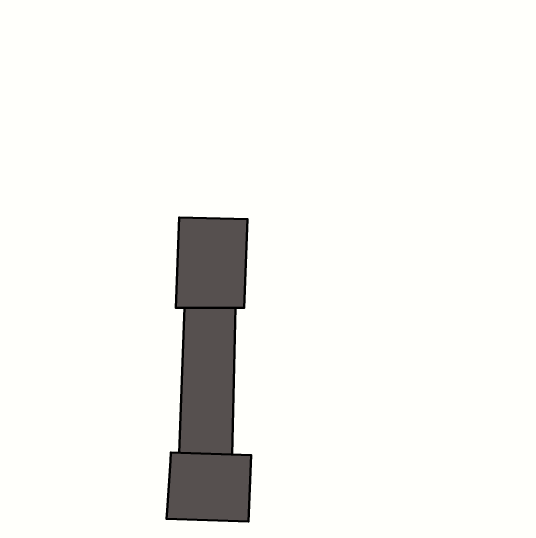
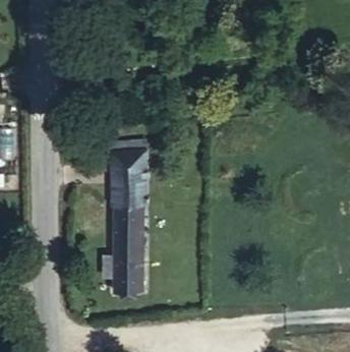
building: [167,453,251,521] -> none

